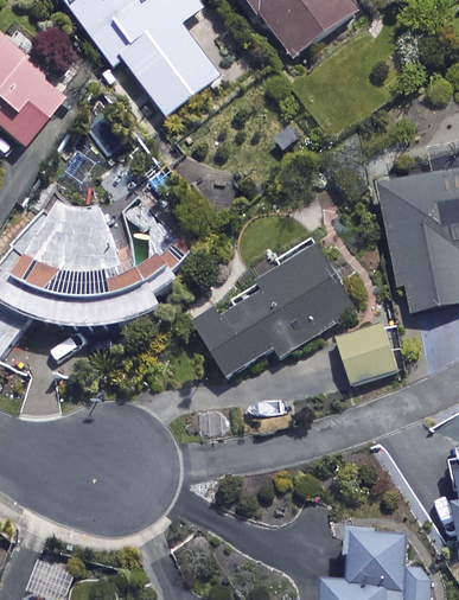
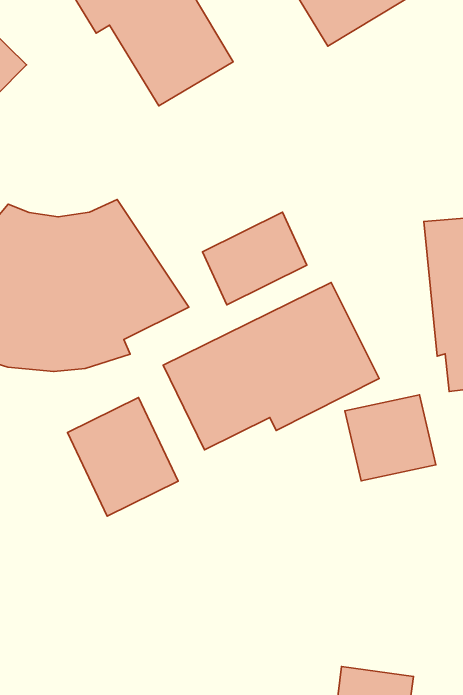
building: none -> [202,212,307,305]
building: none -> [68,398,178,516]

